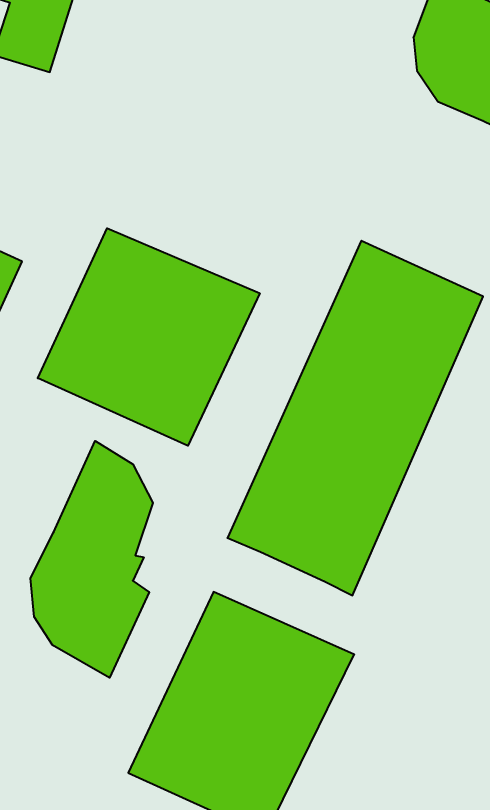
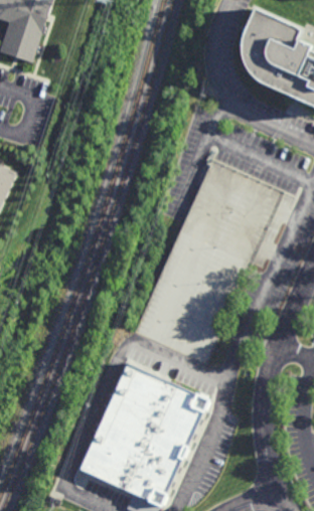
building: [38,228,260,446] -> none
building: [30,441,153,678] -> none

